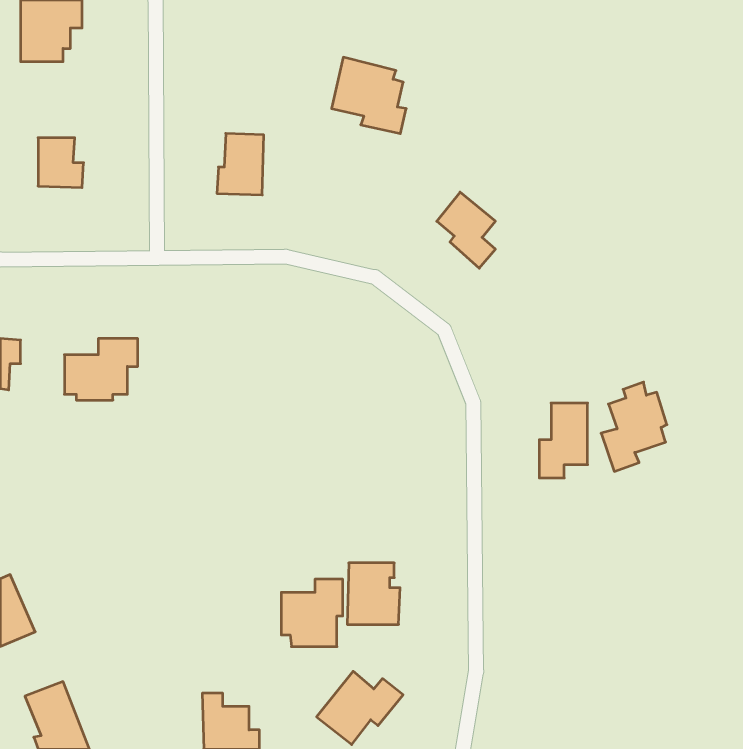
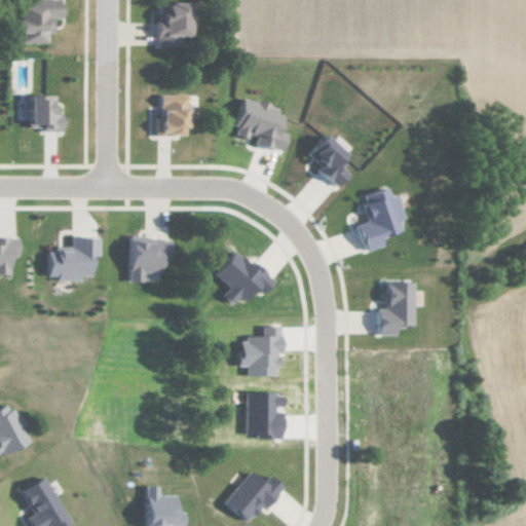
building: none -> [157,4,193,44]
building: [332,57,406,134] -> [235,98,288,151]
building: none -> [130,237,173,283]
building: none -> [216,252,276,304]
building: [601,382,667,471] -> [361,188,407,251]
building: [281,579,343,647] -> [241,328,285,375]

